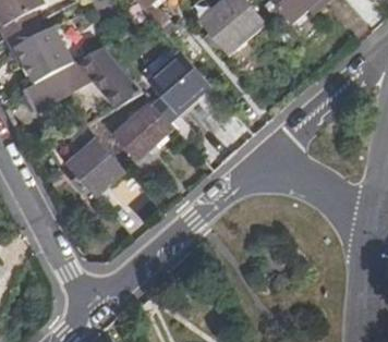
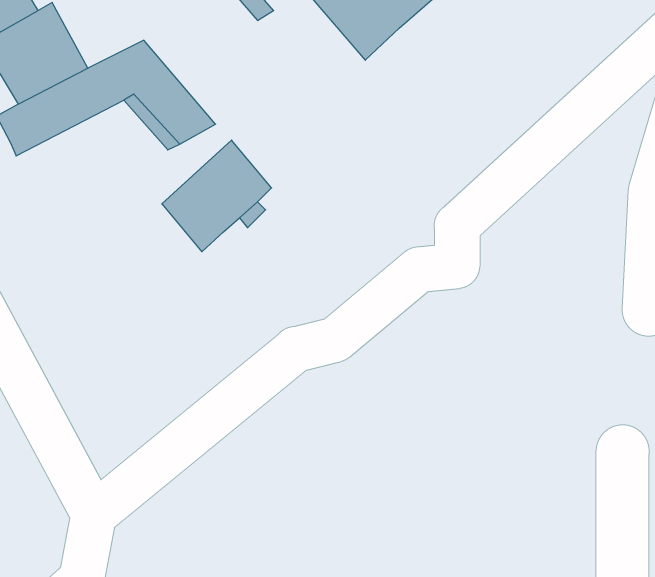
building: [148,52,207,111] -> none
building: [66,141,125,200] -> none

